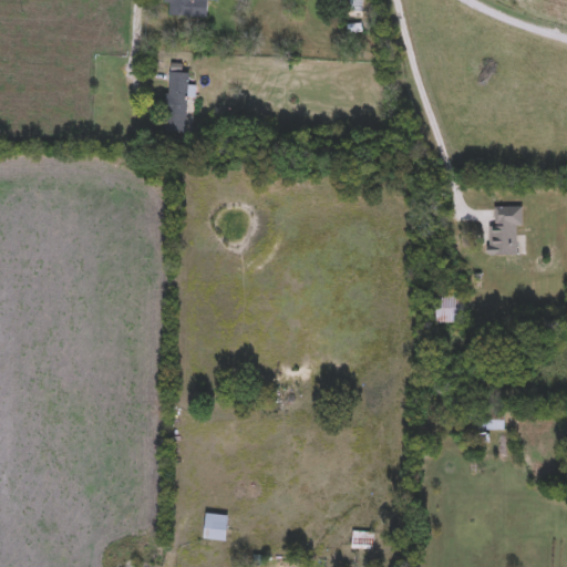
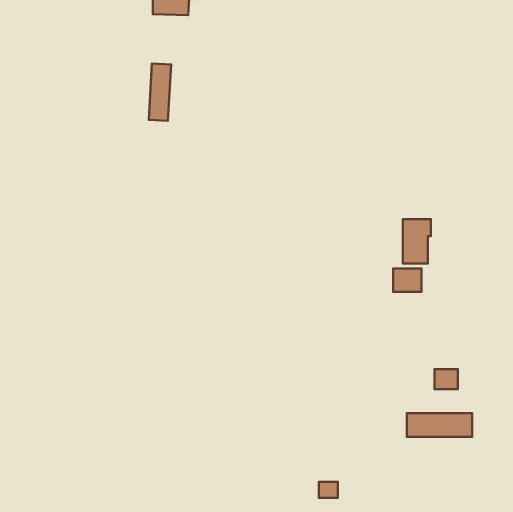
building: [492,206,523,255] -> [403,219,431,263]
building: none -> [407,413,472,437]
building: [204,512,230,542] -> none

